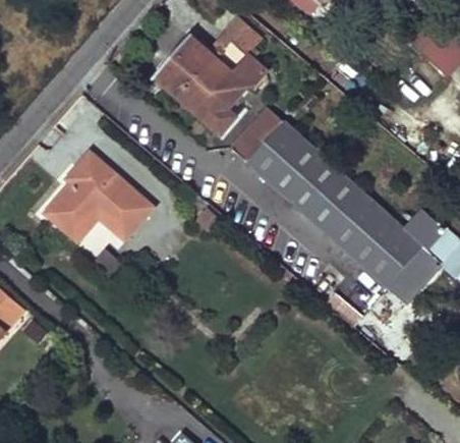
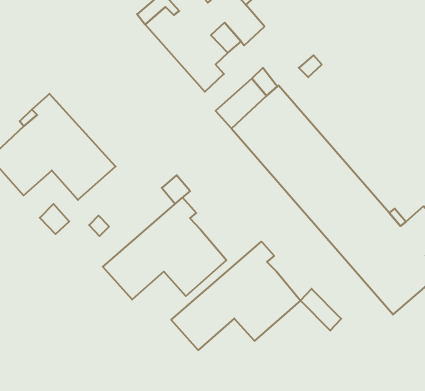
building: none -> [103,198,226,300]
building: none -> [171,242,301,350]

